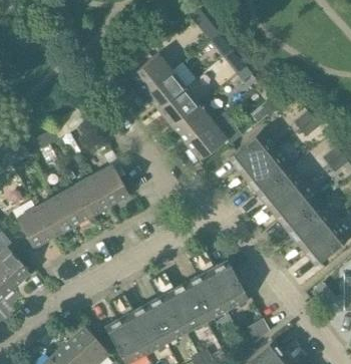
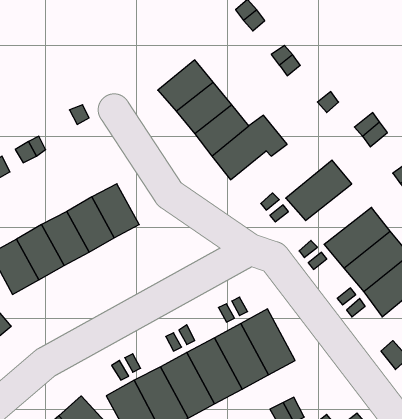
building: [129,53,171,93] -> none
building: [227,128,276,175] -> none
building: [256,164,306,211] -> none

